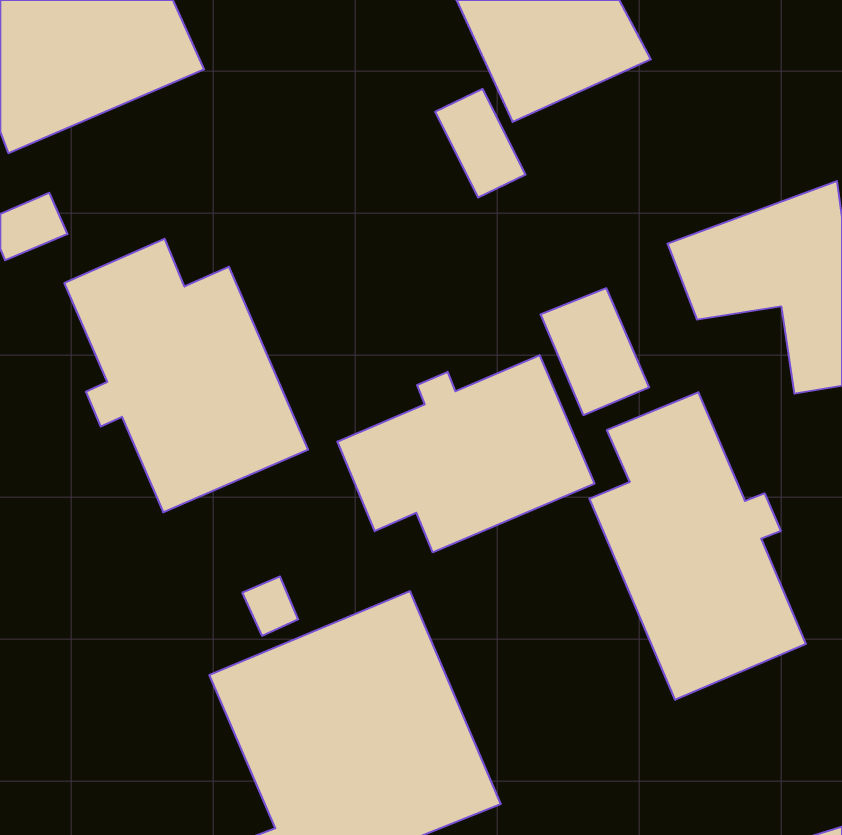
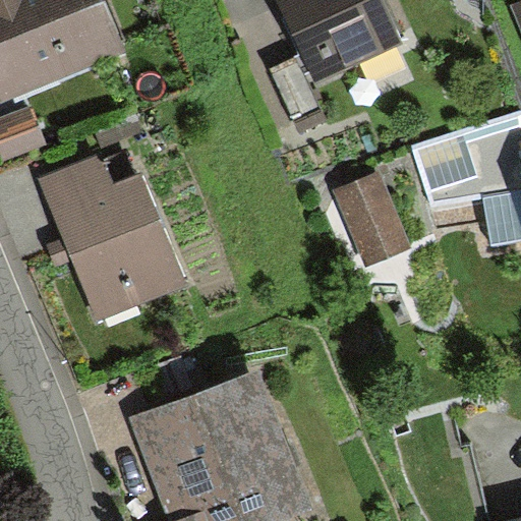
building: [337,355,594,552] -> none
building: [589,392,806,700] -> none

